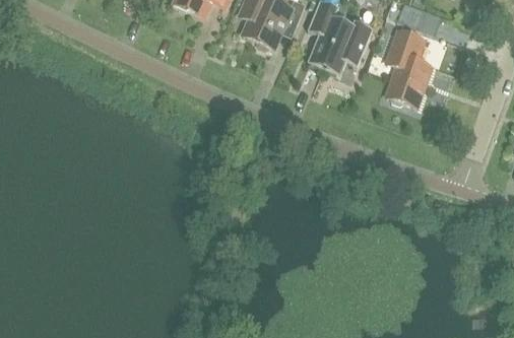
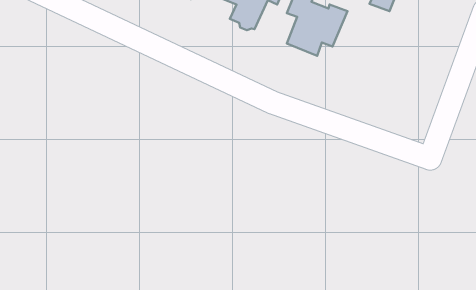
building: [386,29,431,106] -> none

